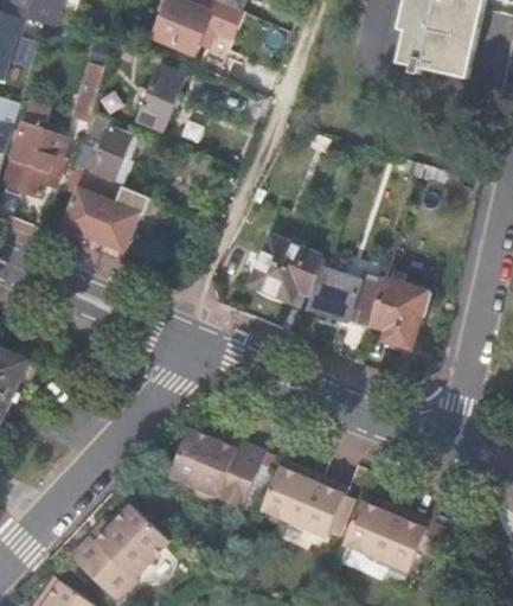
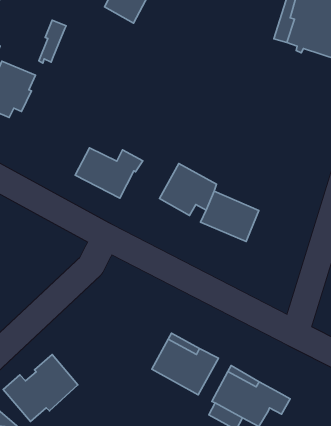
building: [135,65,186,129] -> none
building: [76,127,132,179] -> none
building: [64,186,152,250] -> [75,148,143,198]
building: [371,279,430,349] -> none
building: [167,430,265,512] -> none

